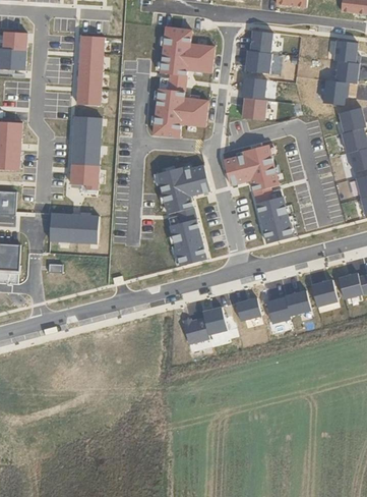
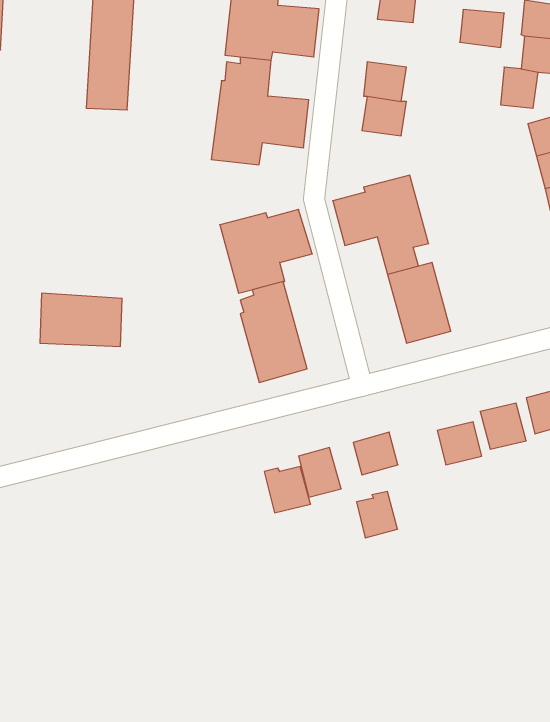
building: [244,51,270,73] -> [460,10,504,47]
building: [70,116,103,190] -> none
building: [266,295,291,323] -> [357,491,398,538]

